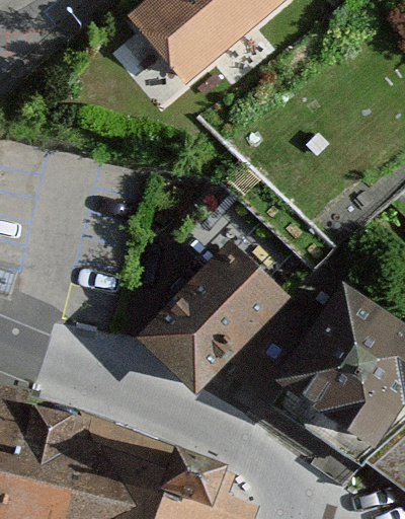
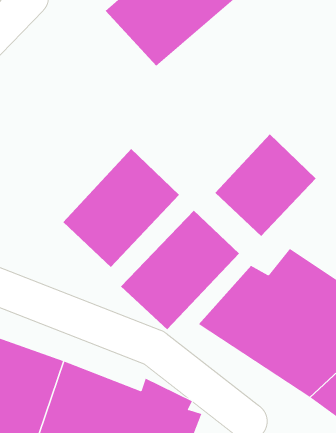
building: none -> [215,134,317,237]
building: none -> [62,148,180,268]

